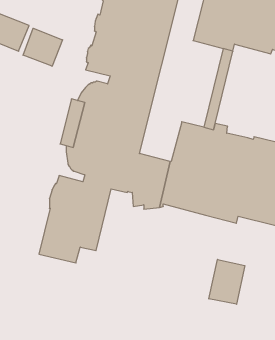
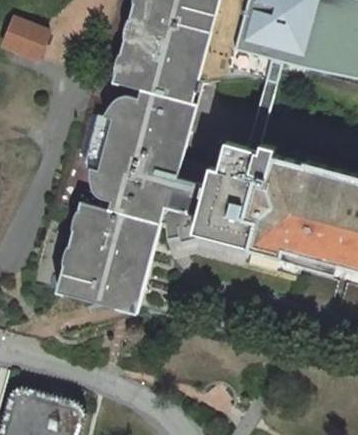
building: [23,28,63,66] -> none
building: none -> [100,221,158,314]
building: [209,259,245,304] -> none

